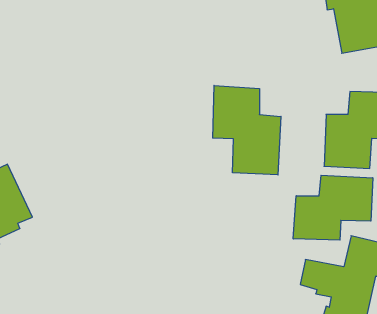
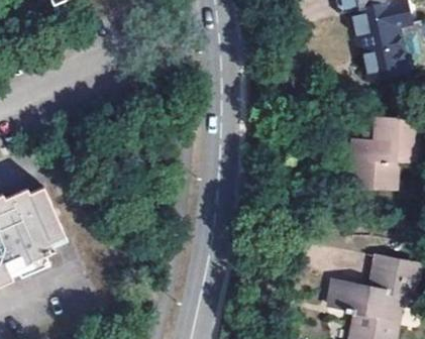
building: [213,85,281,175] -> none
building: [293,175,373,240] -> none

